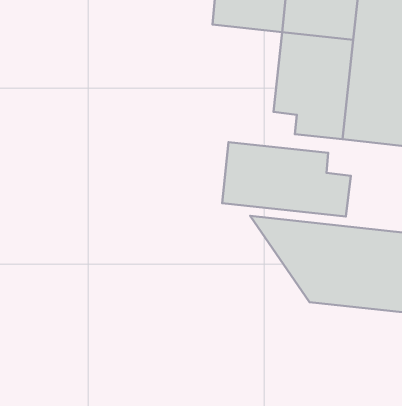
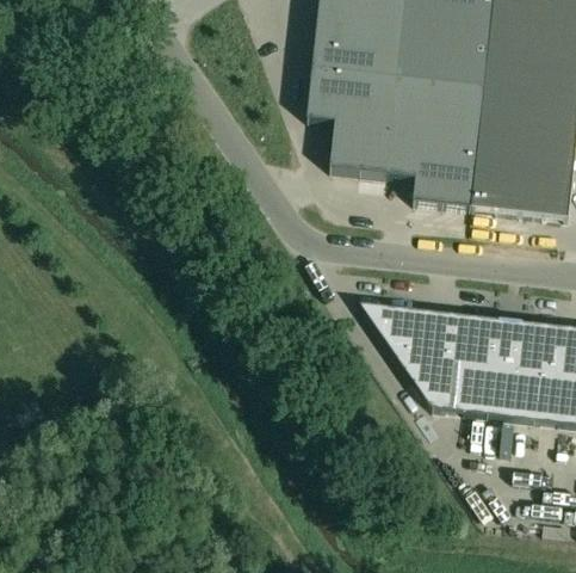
building: none -> [306,66,398,173]
building: [222,142,351,217] -> none

